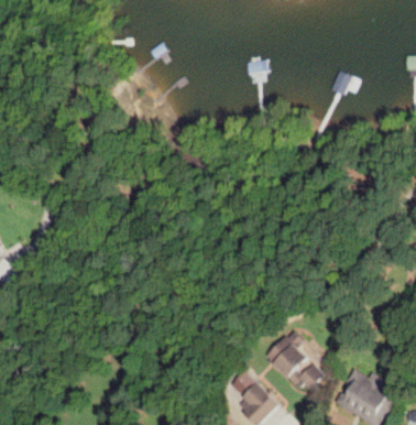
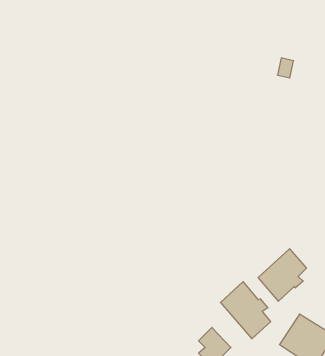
building: none -> [258,249,307,301]

